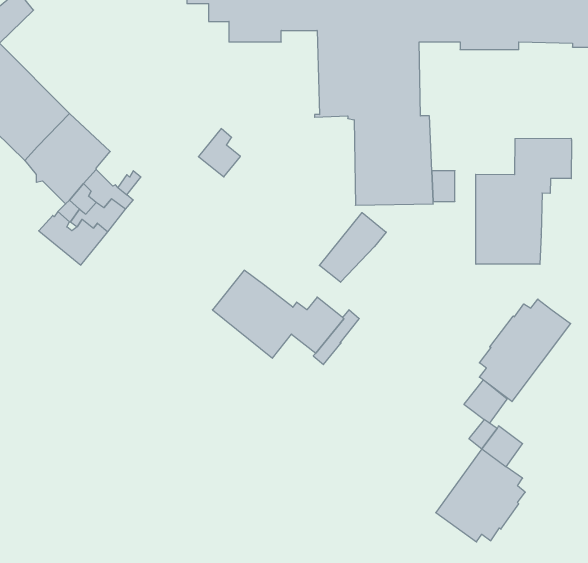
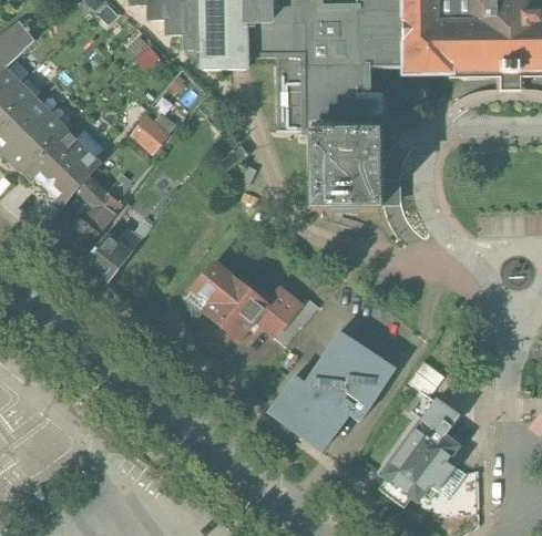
building: [198,129,240,177] -> [131,110,167,152]
building: [476,138,571,264] -> none
building: [319,213,386,282] -> none
building: none -> [81,221,132,285]
building: [479,299,571,402] -> none
building: none -> [268,331,396,452]

